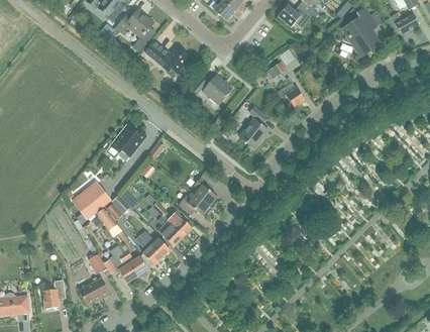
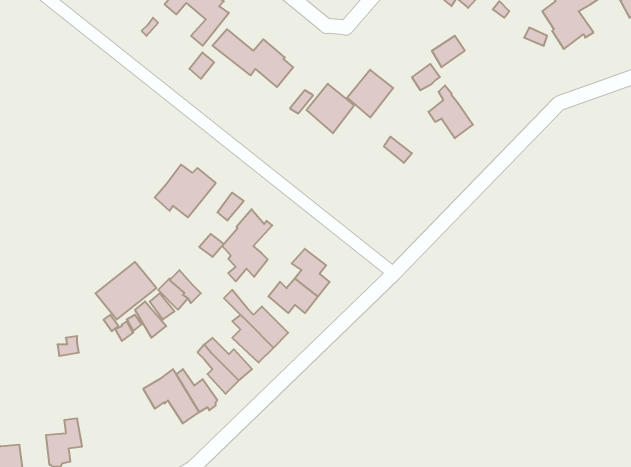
building: [240,119,268,148] -> [347,70,393,118]
building: none -> [222,209,272,281]
building: [79,278,110,304] -> none

